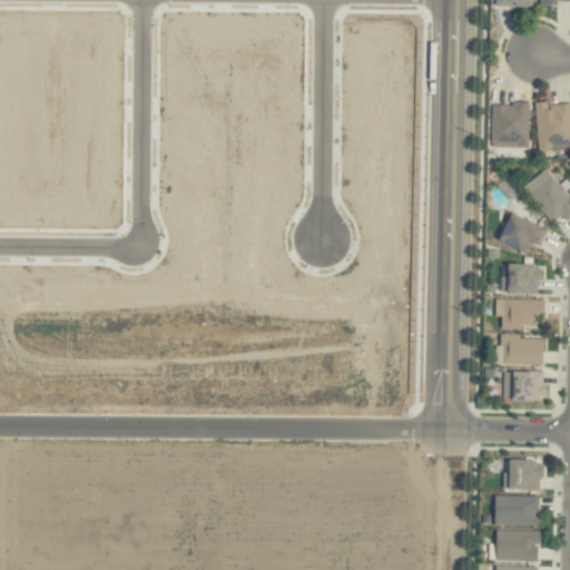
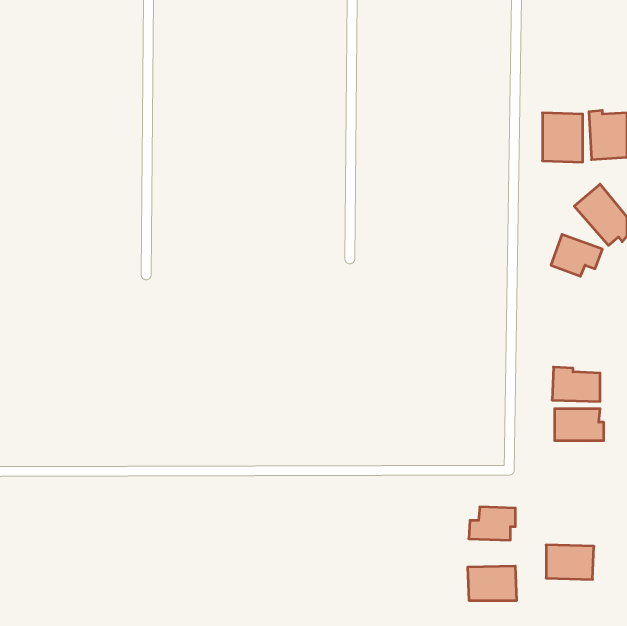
building: [499,264,543,293] -> none
building: [494,297,546,327] -> none
building: [502,460,544,490] -> [469,507,515,540]
building: [495,529,540,560] -> [468,566,517,600]

